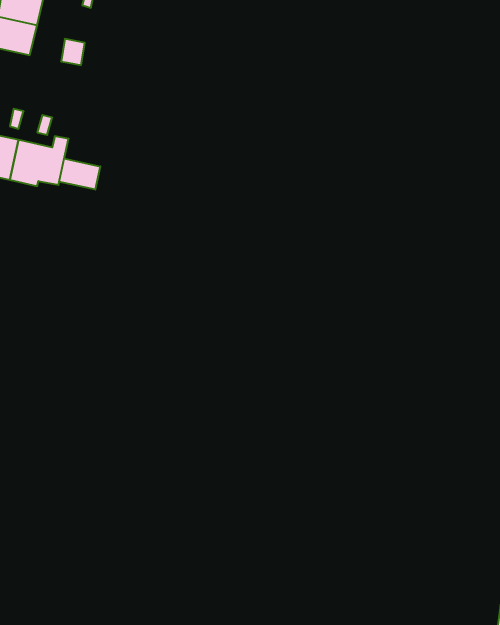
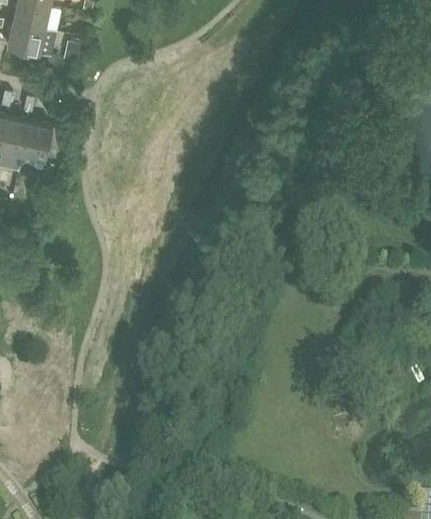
building: [59,159,100,190] -> none

